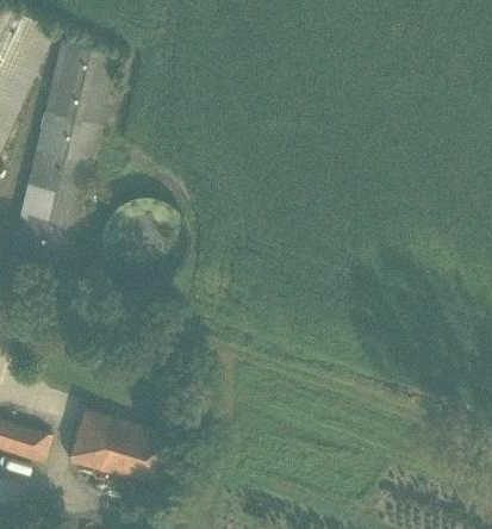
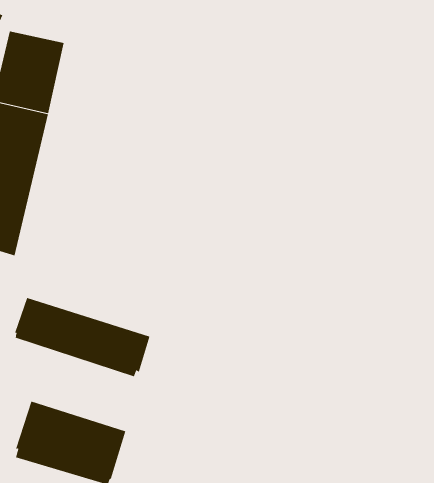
building: none -> [15,297,150,377]

